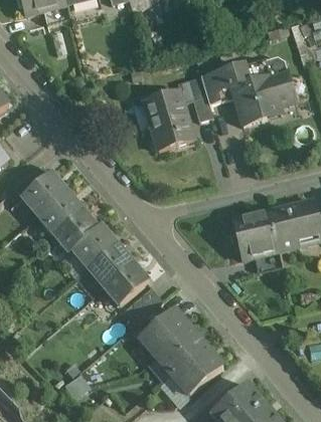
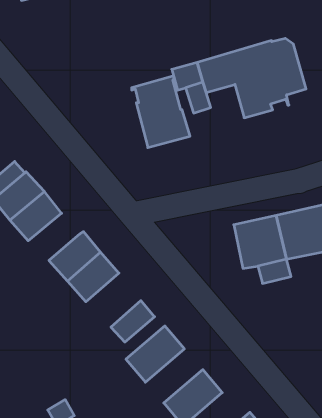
building: [52,208,98,251] -> none
building: [103,260,148,304] -> none
building: [155,327,205,374] -> none

